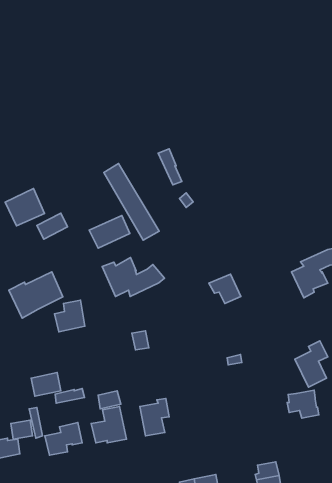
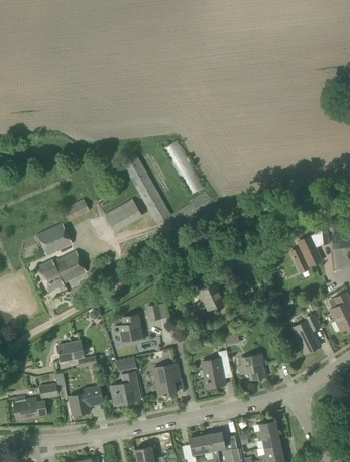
building: [5,189,45,226] -> [36,223,72,256]
building: [102,258,164,296] -> none
building: [209,274,241,303] -> [196,282,224,309]
building: [54,300,85,332] -> [114,315,141,343]
building: none -> [199,350,229,388]
building: [287,390,319,418] -> [237,355,265,380]

